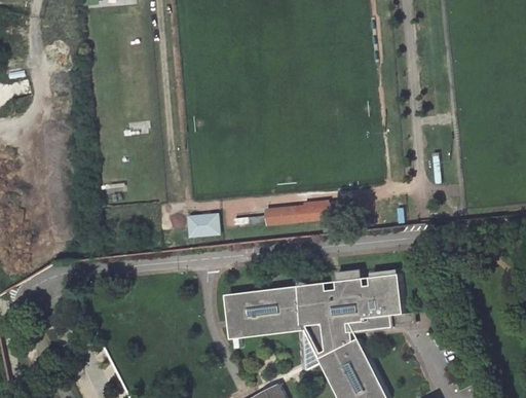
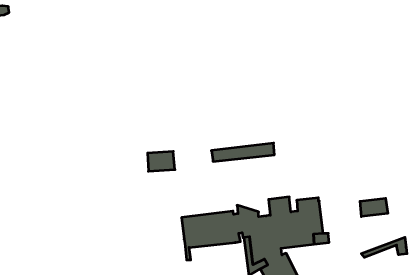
building: none -> [360,198,388,217]
building: none -> [361,237,407,257]

